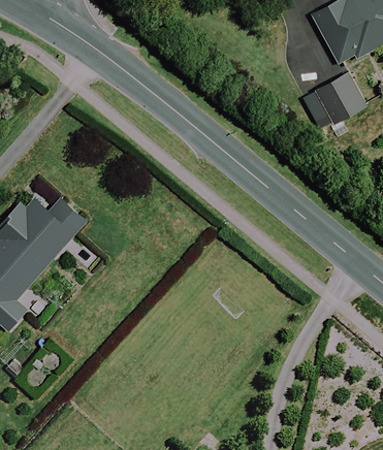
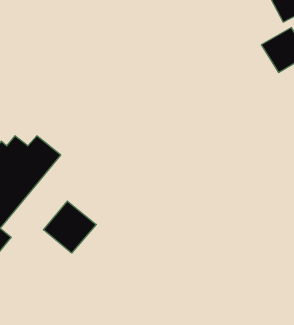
building: none -> [43,201,96,253]

